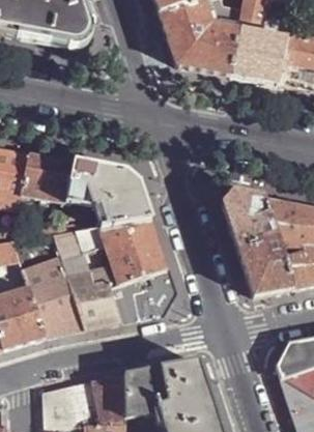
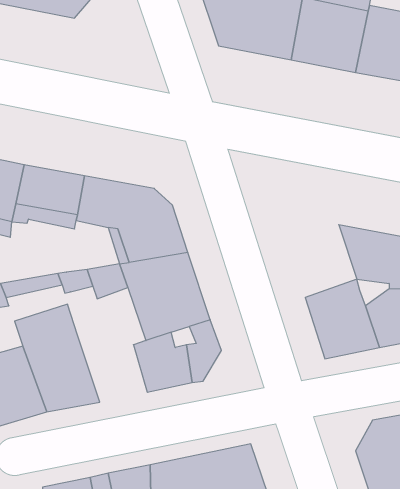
building: [223,192,277,252] -> none
building: [69,272,121,329] -> none

